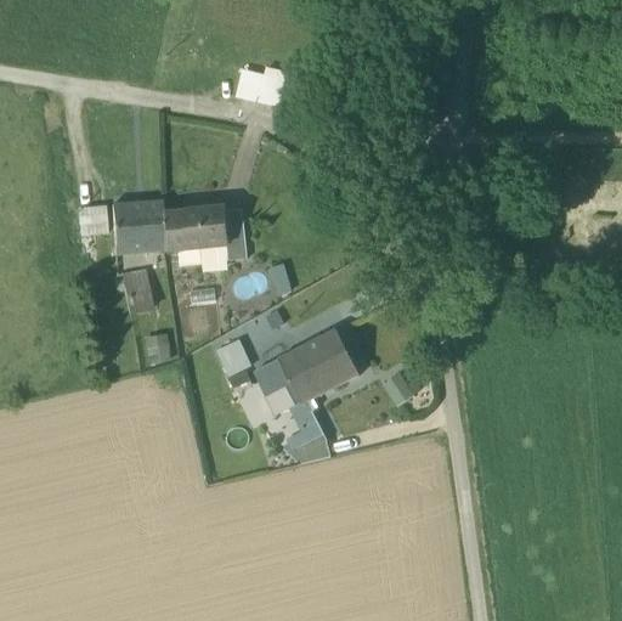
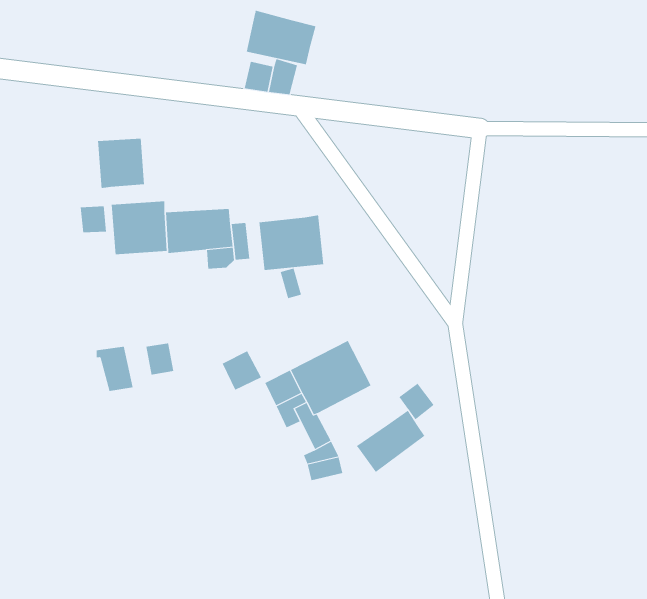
building: none -> [246,10,316,65]
building: none -> [98,138,144,189]
building: none -> [259,215,324,271]
building: [118,266,153,309] -> [96,346,133,391]
building: none -> [356,410,425,473]

